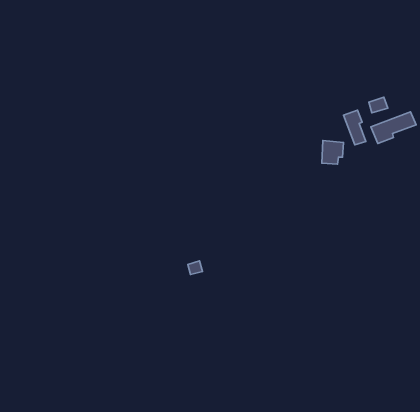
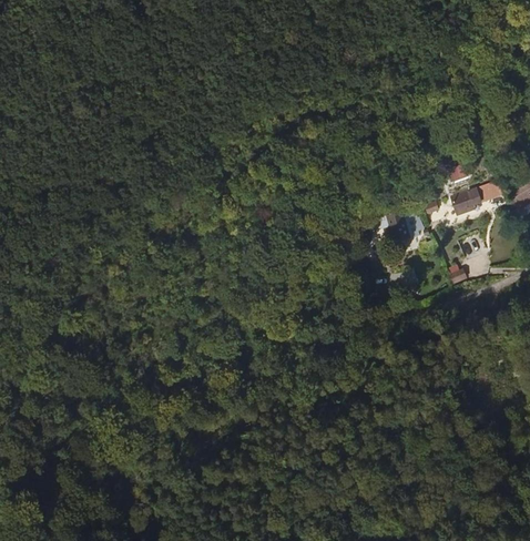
building: [344,110,366,145] -> none

